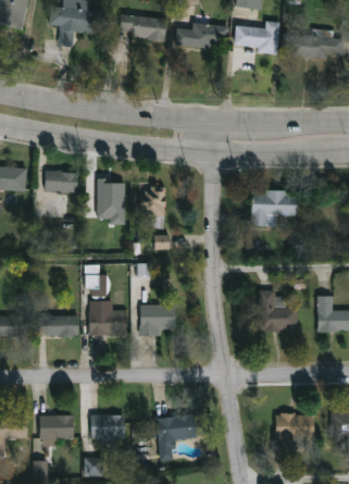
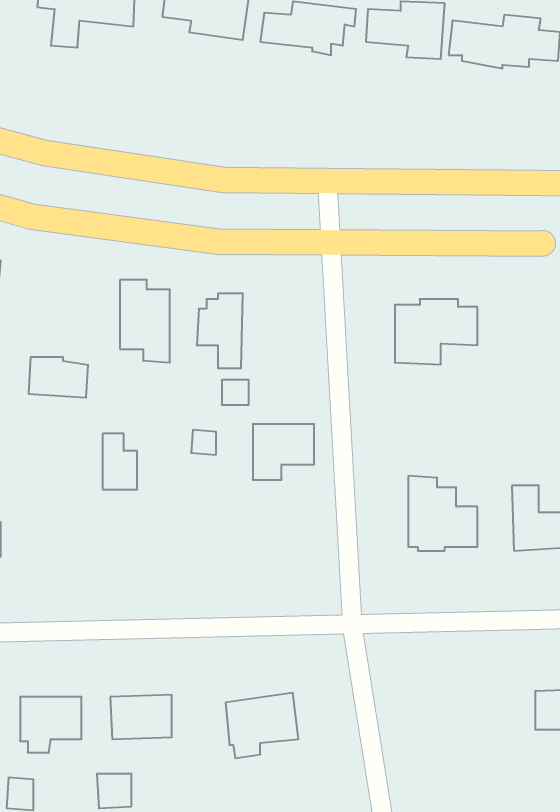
building: [45,170,78,193] -> [29,357,88,398]
building: [87,301,127,335] -> none
building: [140,306,175,337] -> [253,424,314,480]
building: [37,315,79,337] -> none
building: [275,412,314,455] -> none

